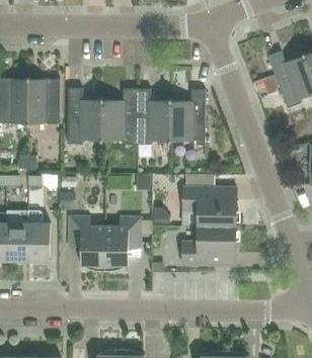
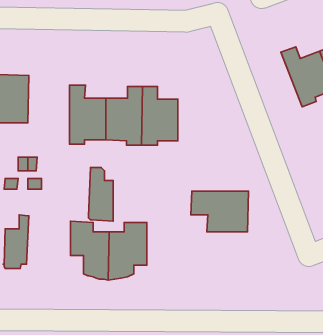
building: [27,78,59,123] -> none
building: [169,88,205,145] -> none
building: [26,210,50,261] -> [88,168,113,221]
building: [181,226,235,264] -> none

